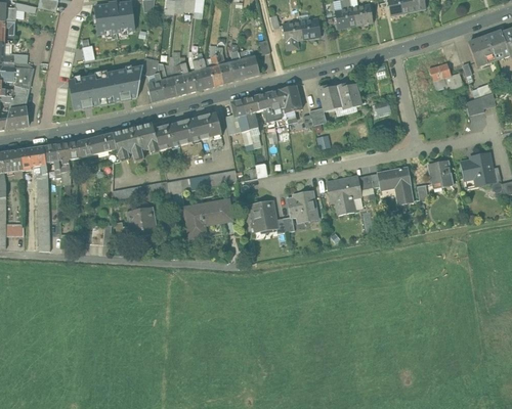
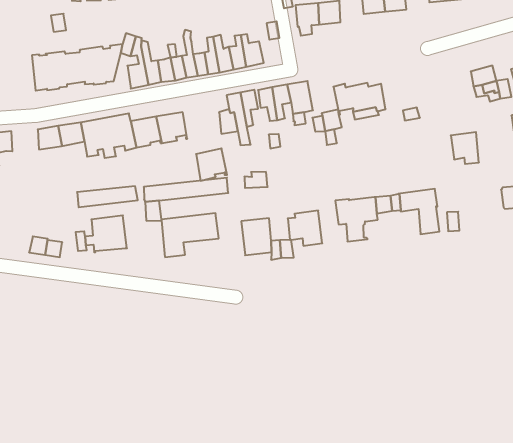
building: [196,111,222,139] -> [196,148,227,181]
building: [56,140,80,172] -> none
building: [428,160,453,186] -> [451,132,479,164]

